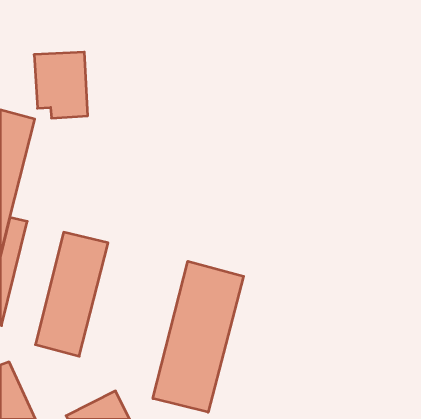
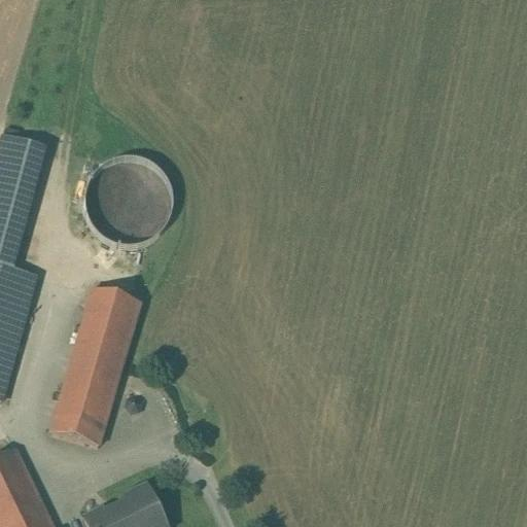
building: [34,52,88,118] -> [98,156,165,239]
building: [153,261,244,412] -> none

